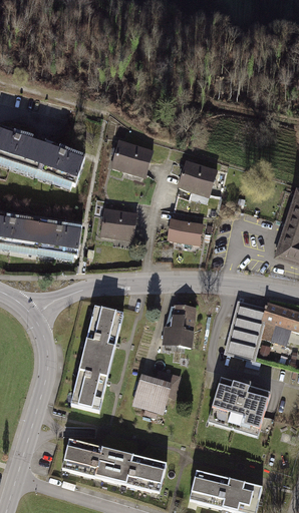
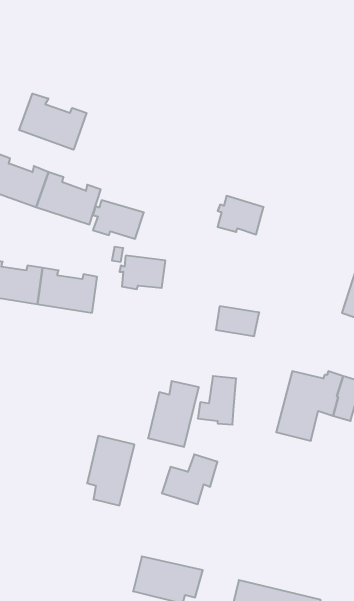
building: none -> [19,94,87,150]
building: [111,141,153,172] -> [93,200,144,239]
building: [168,219,203,243] -> [216,306,259,336]
building: [82,309,123,362] -> [148,381,199,447]
building: [210,379,270,429] -> none
building: [63,440,117,480] -> none

